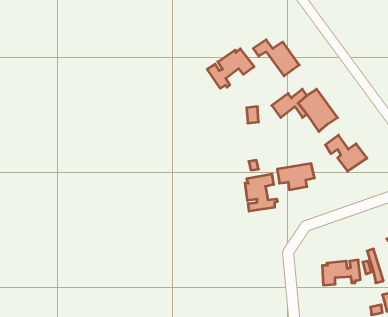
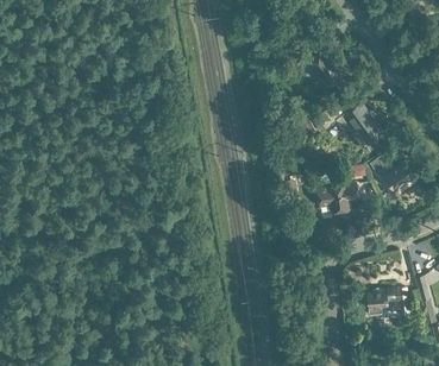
building: [207,49,254,88] -> none
building: [245,174,277,211] -> none

